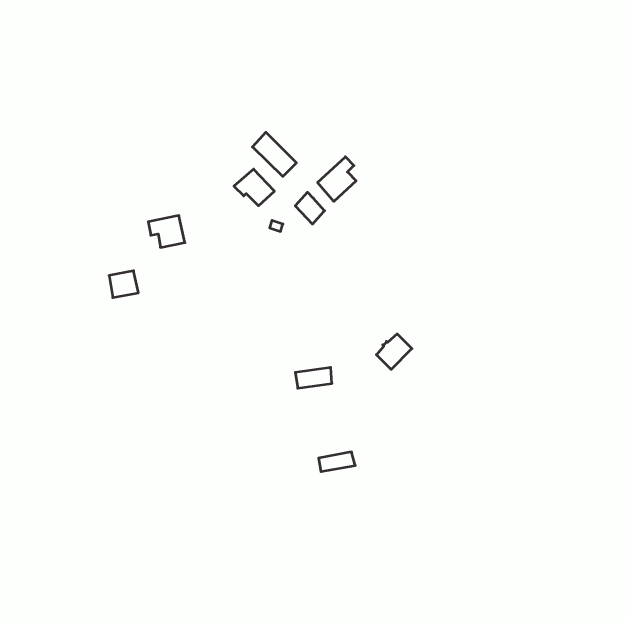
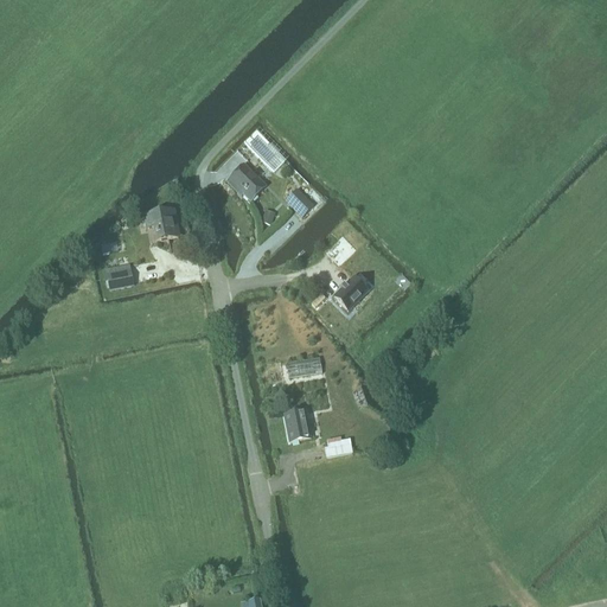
building: [318,157,356,201] -> none
building: [376,334,412,369] -> [334,275,369,309]
building: none -> [285,409,309,441]

